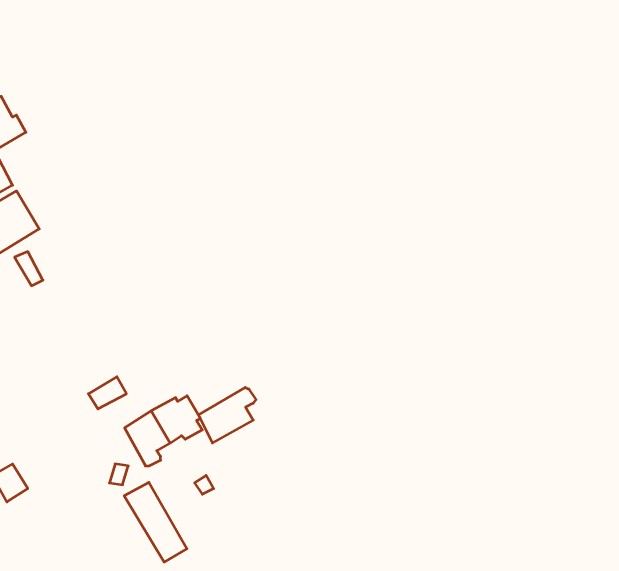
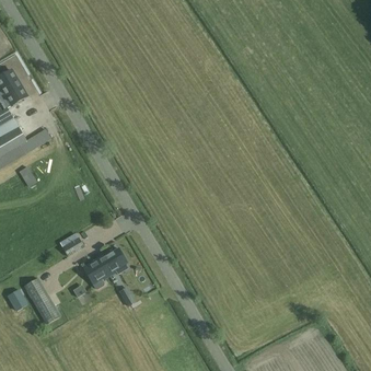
building: [199,387,256,443] -> none
building: [124,482,187,562] -> [23,277,59,323]

